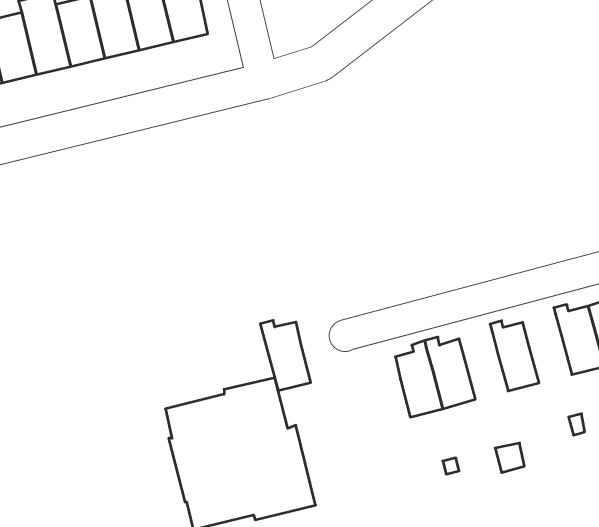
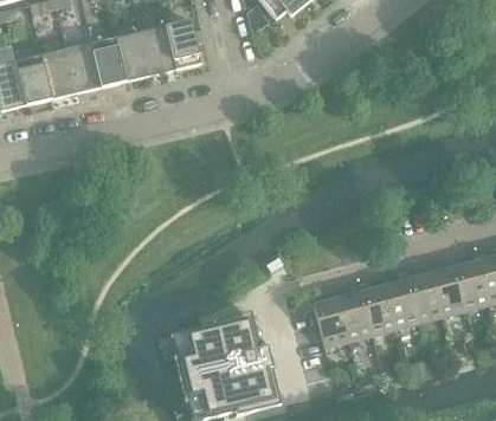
building: none -> [429,260,464,315]
building: [260,320,311,391] -> [310,294,347,345]
building: none -> [382,272,418,326]

